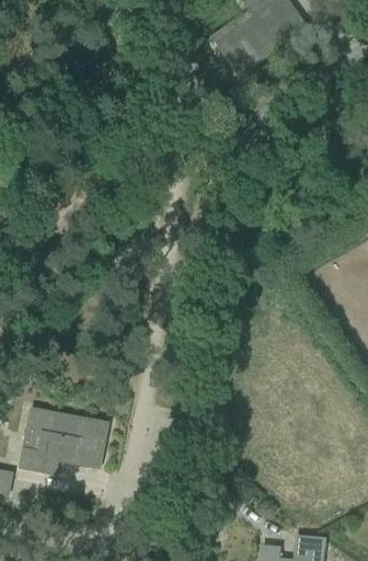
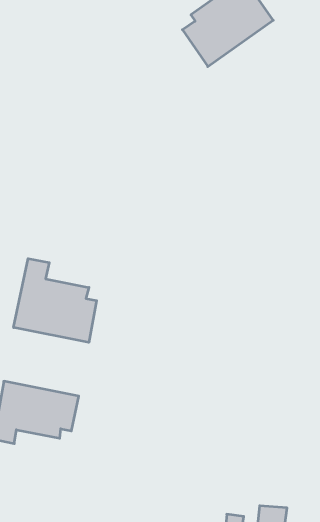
building: none -> [14,259,97,342]

